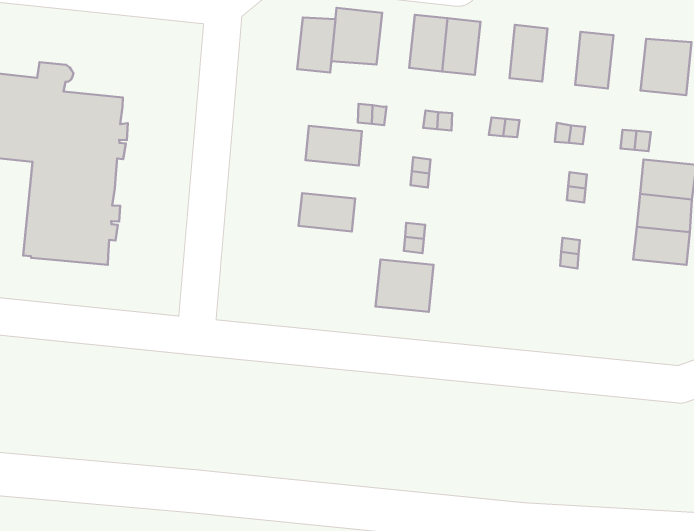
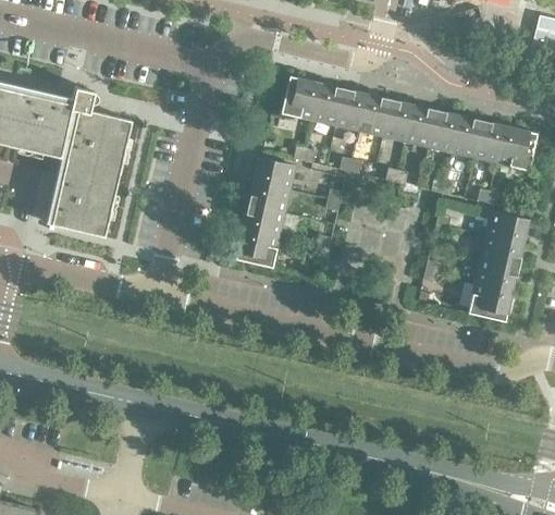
building: [297,17,336,72] -> [311,84,343,125]
building: none -> [380,99,412,142]
building: none -> [427,110,458,152]
building: none -> [472,121,504,162]
building: none -> [247,181,289,212]
building: none -> [467,281,511,321]
building: [376,260,434,312] -> [234,226,279,268]

